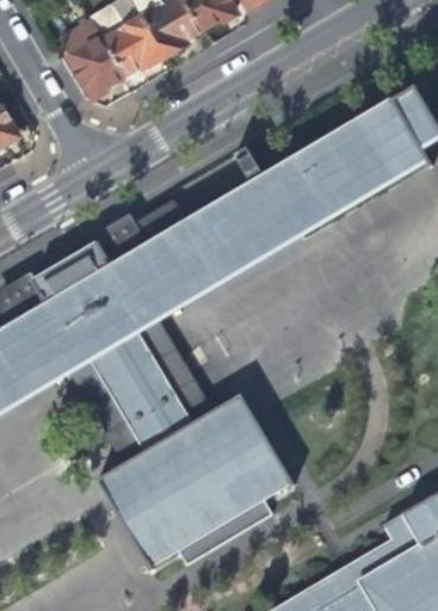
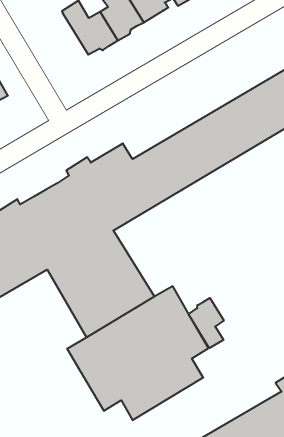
building: [58,20,125,97] -> none
building: none -> [189,298,224,348]

